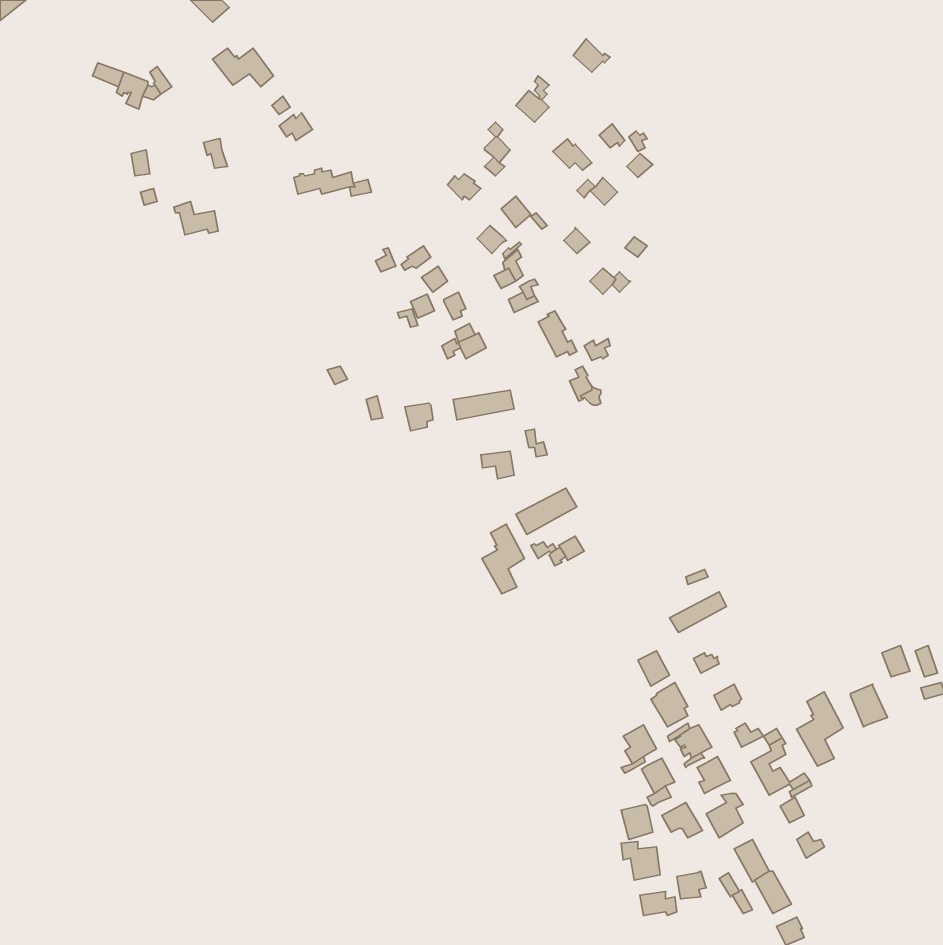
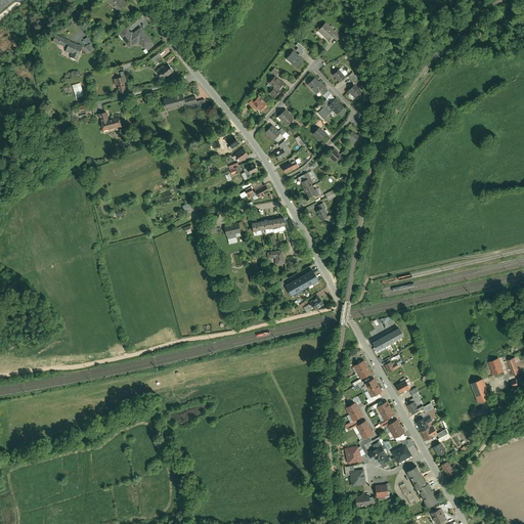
building: [482,524,524,594] -> none
building: [796,692,843,766] -> none

